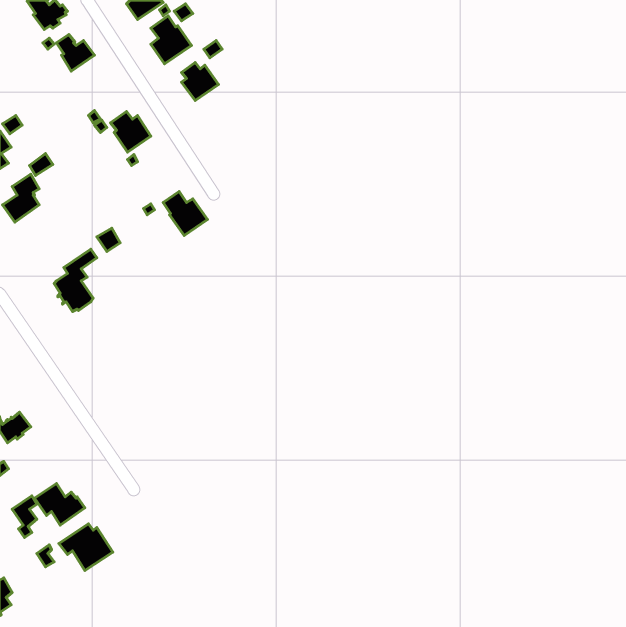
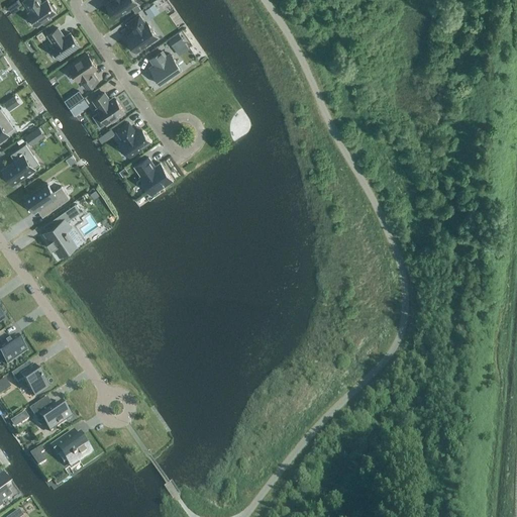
building: none -> [68,55,97,88]
building: none -> [116,122,149,156]
building: none -> [24,183,69,212]
building: none -> [12,368,44,395]

